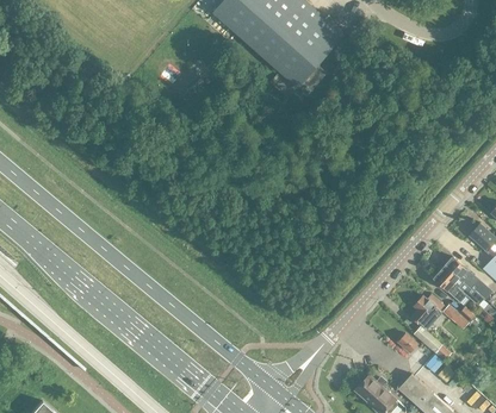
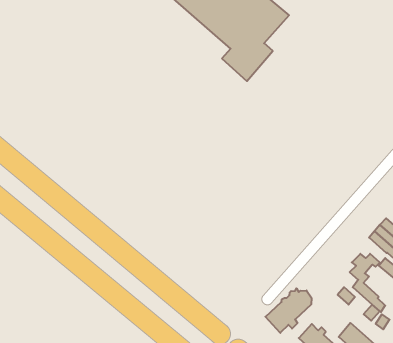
building: none -> [265,288,312,333]

